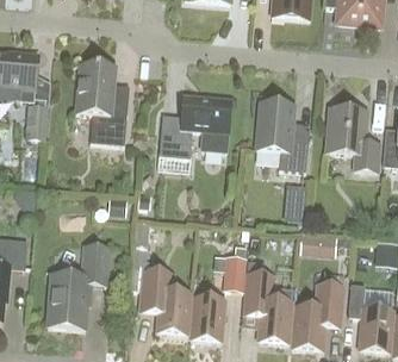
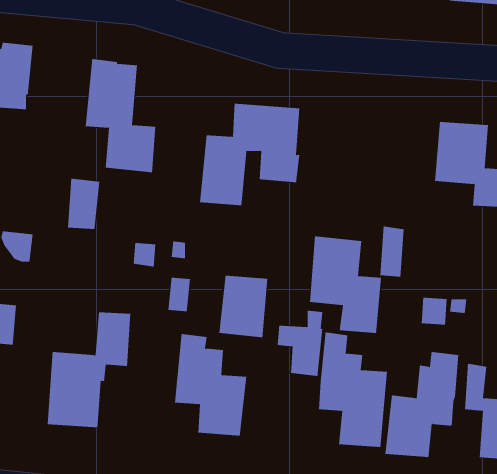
building: [256,100,309,170] -> [309,236,382,334]
building: [25,102,49,139] -> [67,178,100,230]
building: [189,295,225,341] -> [218,275,268,338]

